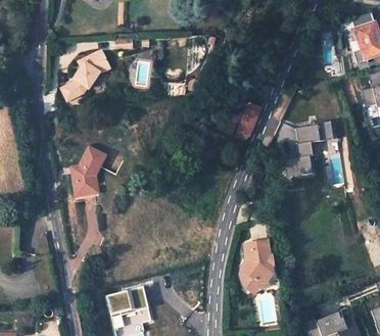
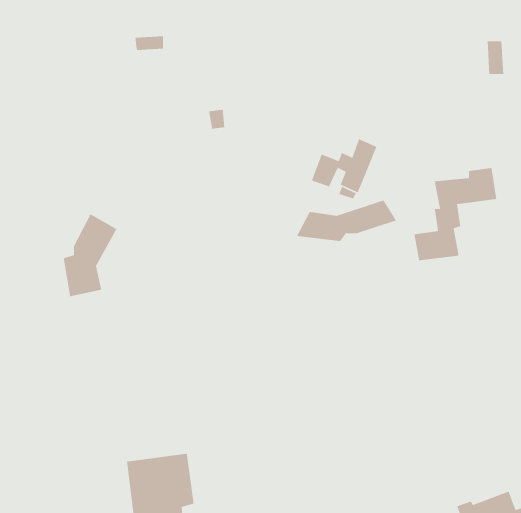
building: [61,49,109,99] -> none
building: none -> [296,199,397,242]
building: [239,241,270,288] -> none

